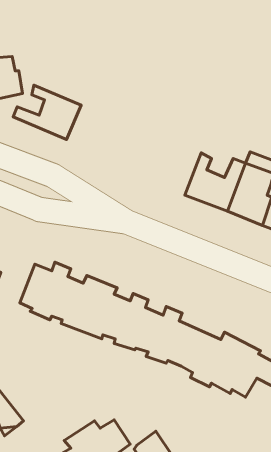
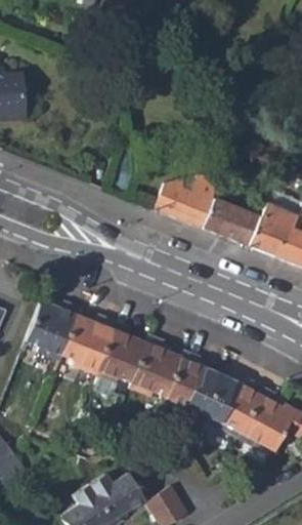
building: [13,85,81,140] -> none
building: none -> [157,174,222,228]

